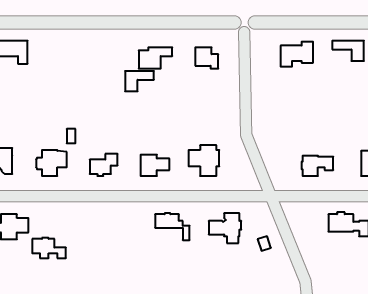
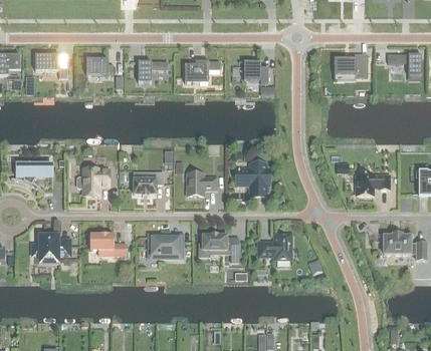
building: none -> [86,57,114,73]
building: [125,71,154,91] -> [138,60,168,81]
building: none -> [149,231,182,256]
building: [32,238,66,258] -> [90,233,126,254]

